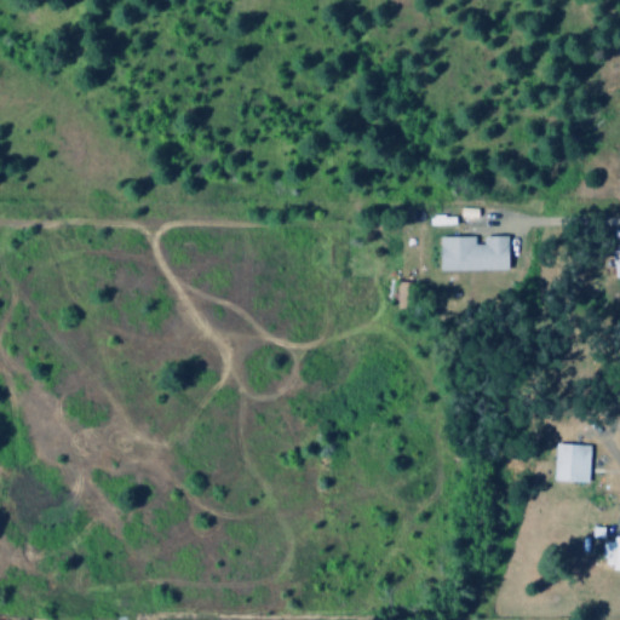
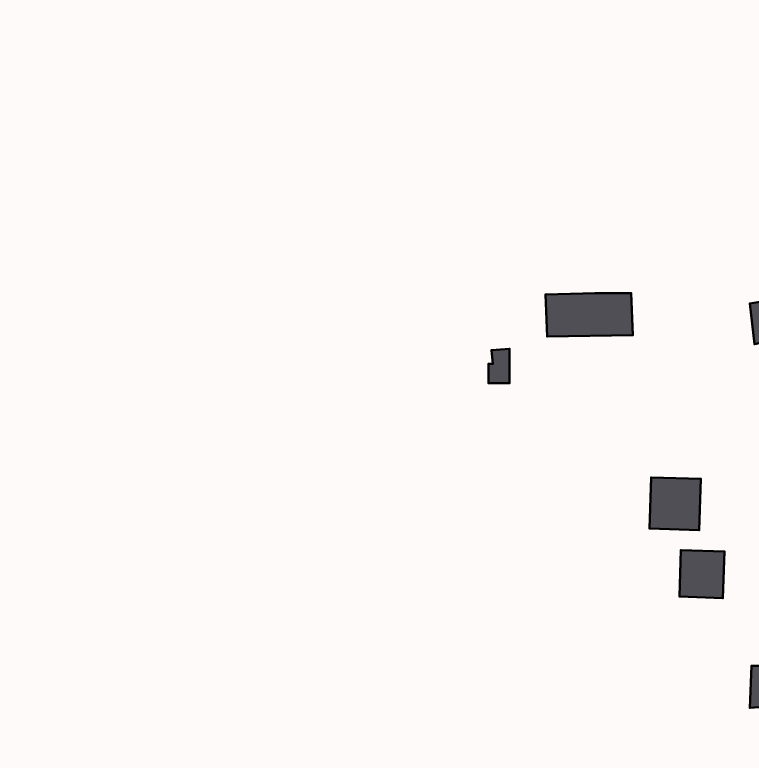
building: none -> [650,477,701,530]

